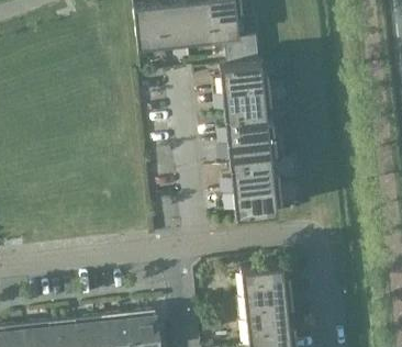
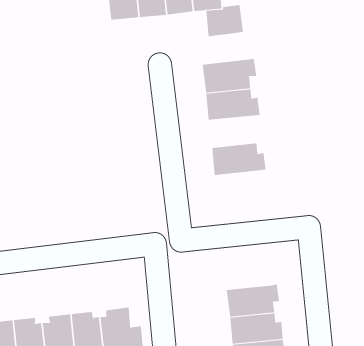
building: [219,59,269,89] -> none
building: [226,135,276,165] -> none
building: [232,184,281,216] -> none
building: [241,264,290,294] -> none

